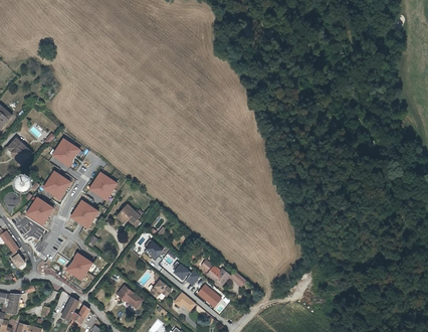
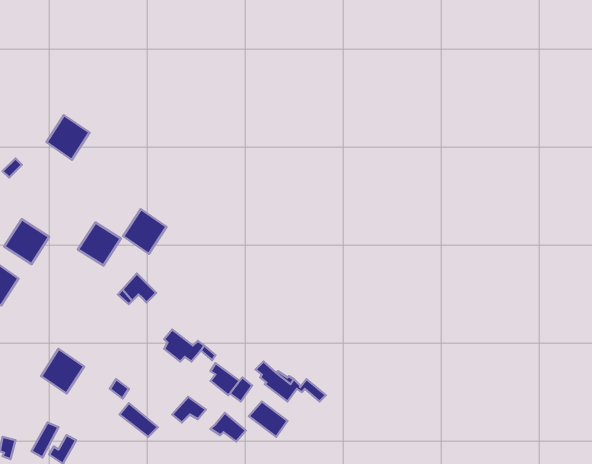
building: [52,138,79,166] -> [46,115,90,160]
building: [70,201,97,229] -> [123,209,166,254]

